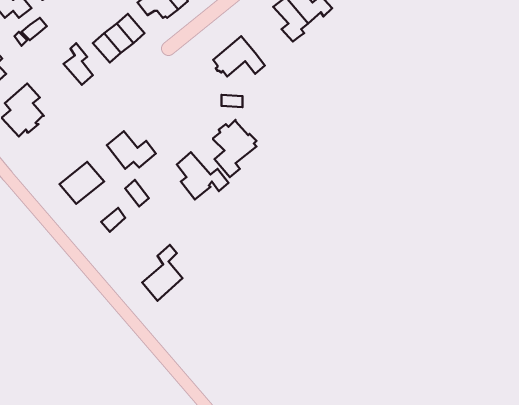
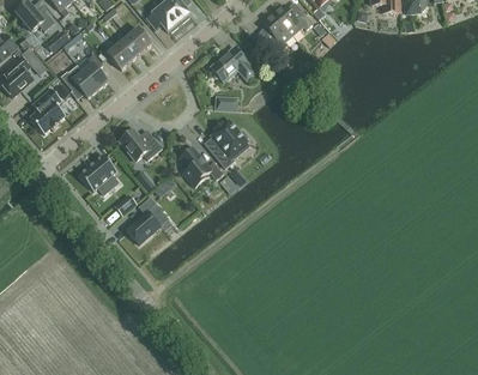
building: none -> [61,65,98,97]
building: [142,245,183,301] -> [126,196,161,244]

